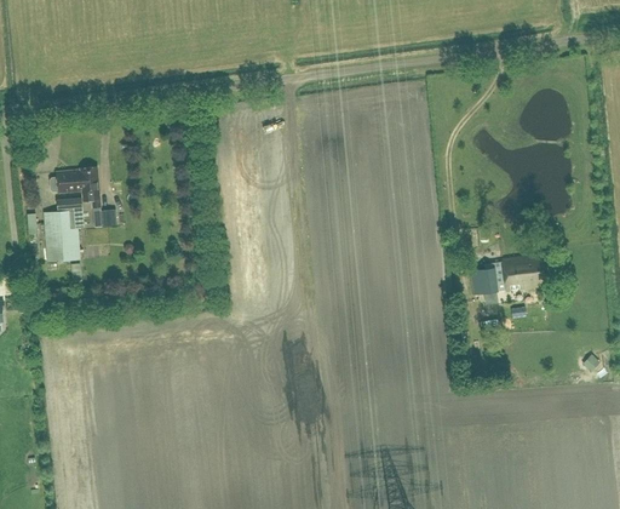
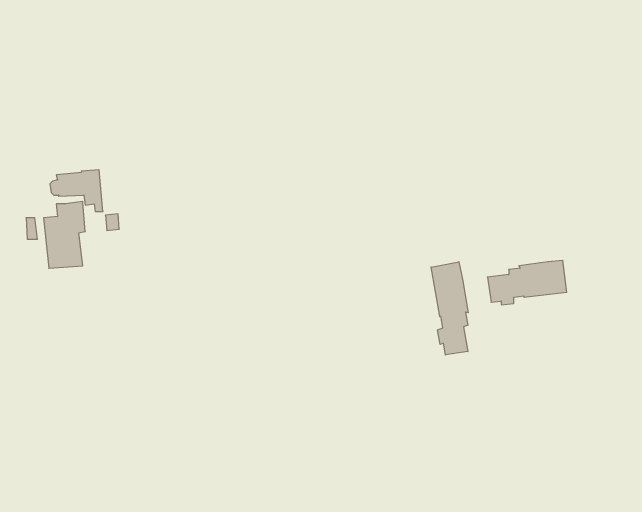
building: none -> [431,262,468,355]

